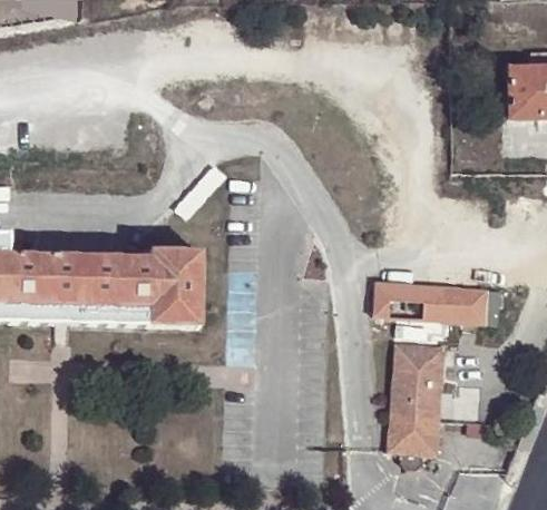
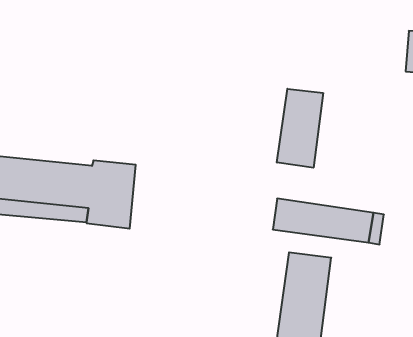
building: none -> [277,89,323,168]

